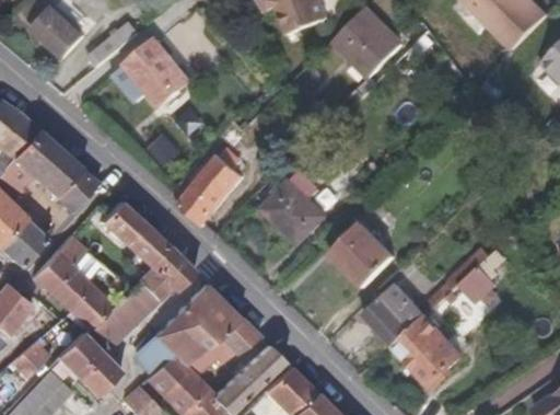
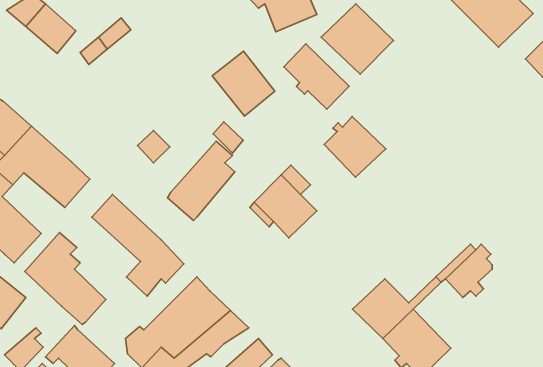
building: [126,39,189,105] -> [212,51,275,116]
building: none -> [284,44,349,109]
building: [332,224,395,286] -> [324,116,386,177]
building: [93,284,155,346] -> none

